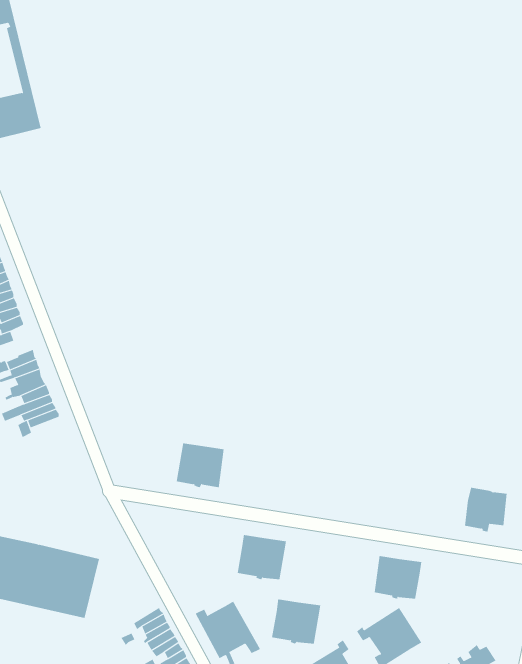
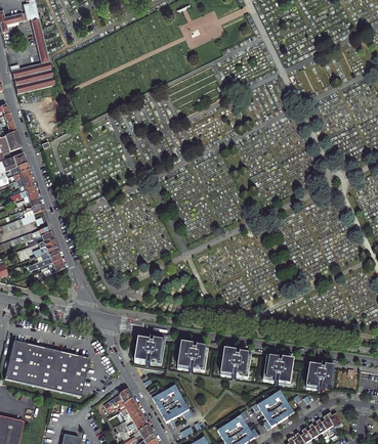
building: [176,443,224,488] -> [134,337,165,365]
building: [464,487,508,532] -> [307,362,335,391]
building: [271,599,321,644] -> [220,349,252,378]

